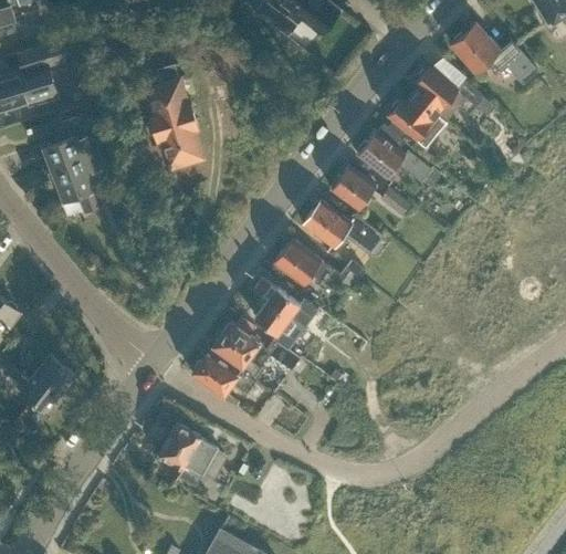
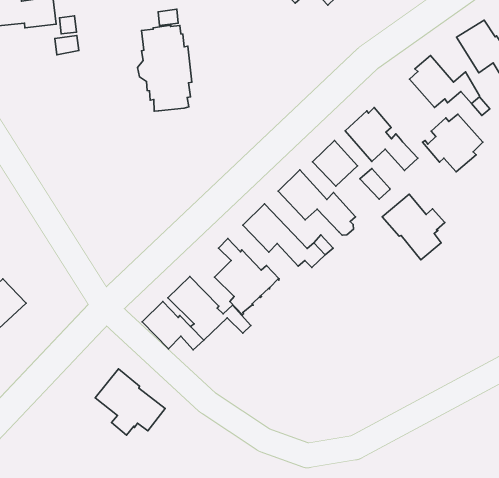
building: [381,94,440,150] -> [423,114,483,172]
building: [43,137,101,213] -> none
building: none -> [382,194,445,260]

